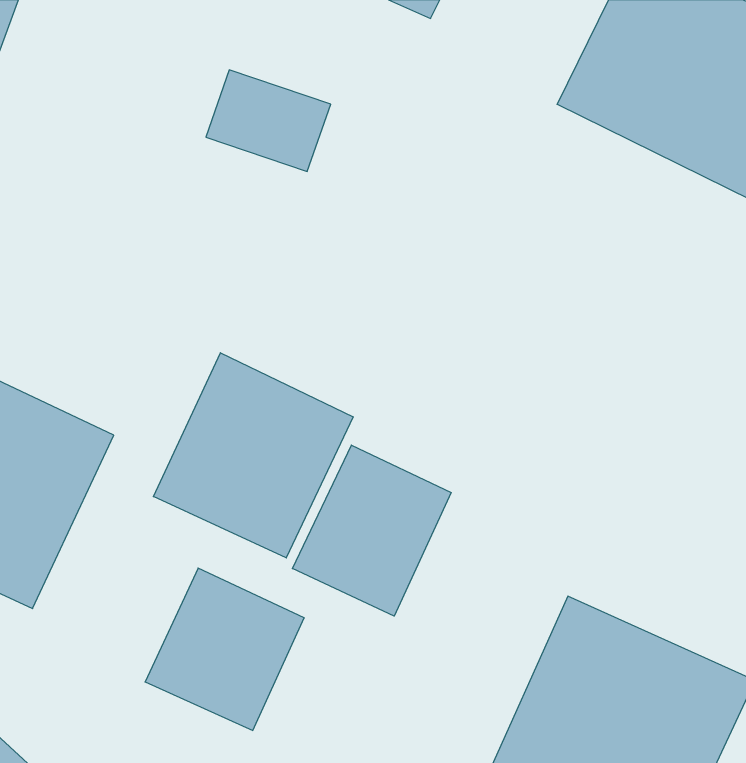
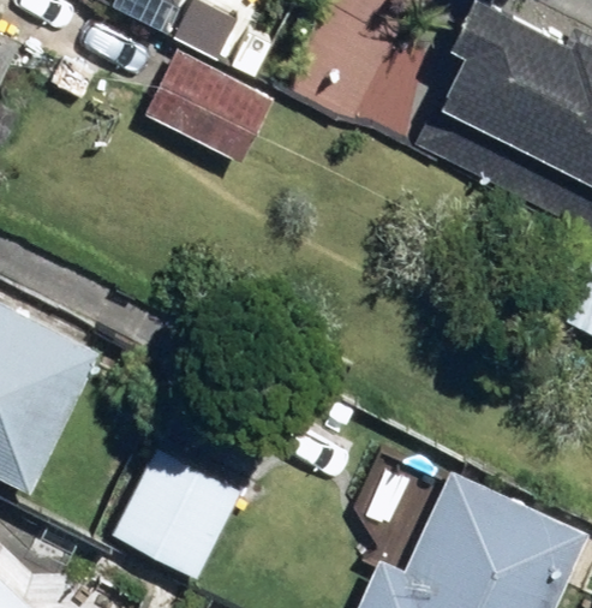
building: [153,353,353,558] -> none
building: [292,445,451,616] -> none

